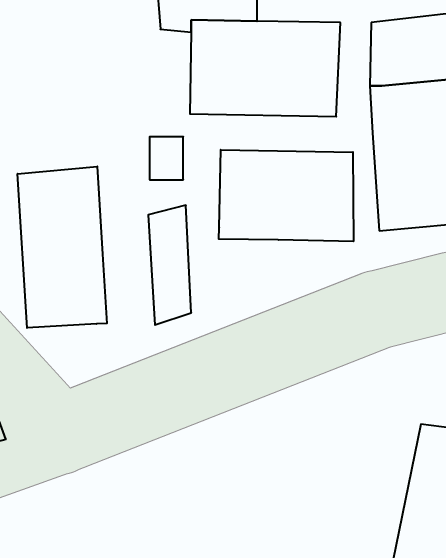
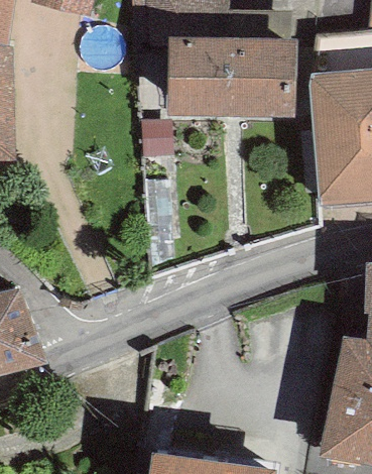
building: [219,150,353,241] -> none
building: [18,166,107,328] -> none

